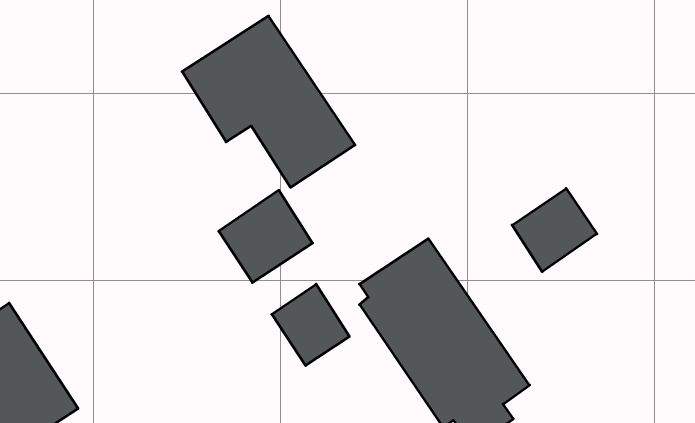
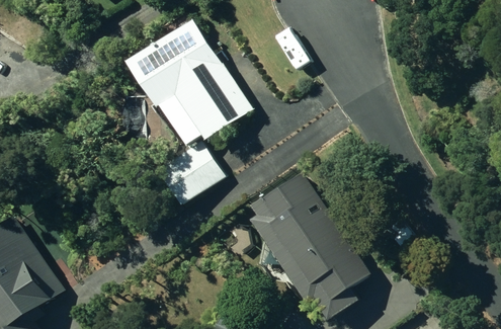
building: [512,188,597,272] -> none
building: [272,284,349,366] -> none

